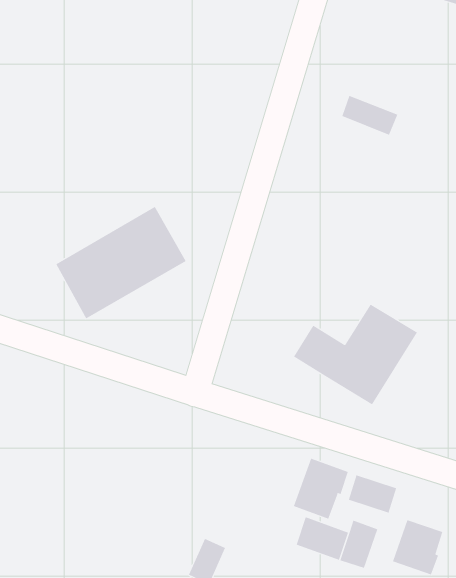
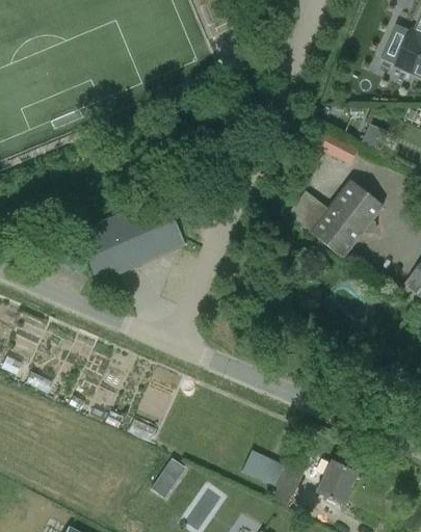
building: [293,304,418,405] -> [286,180,384,258]
building: [293,458,349,519] -> none
building: [348,475,397,513] -> none

